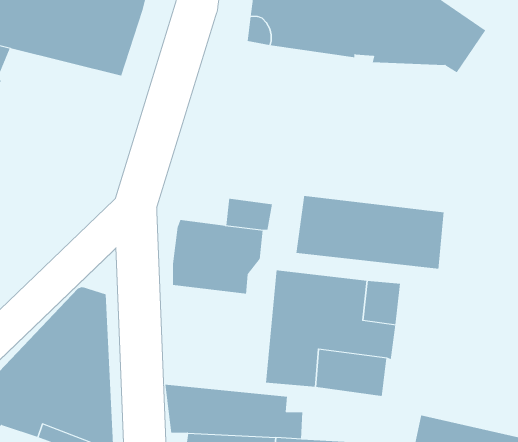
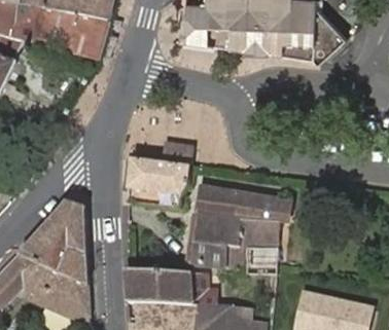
building: [296,195,444,269] -> none

